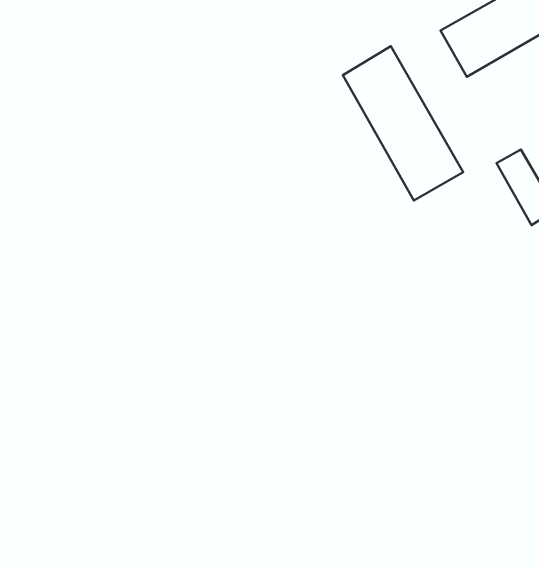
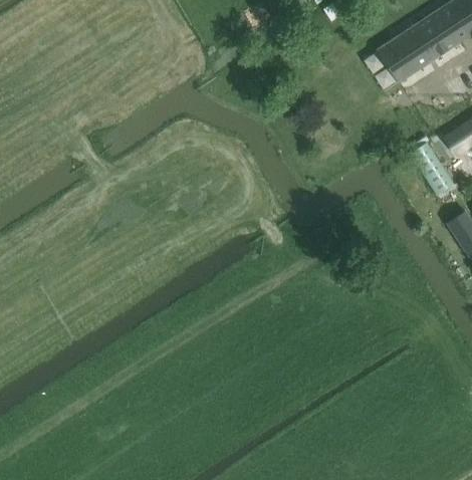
building: [343,46,463,200] -> none

